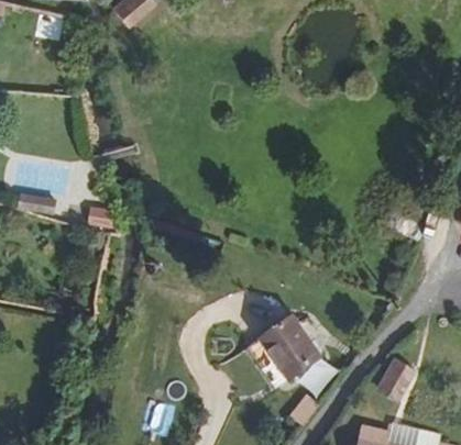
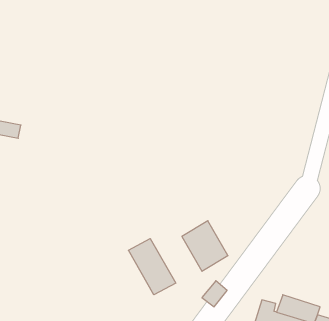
building: none -> [128,239,176,295]
building: [372,356,414,404] -> none

